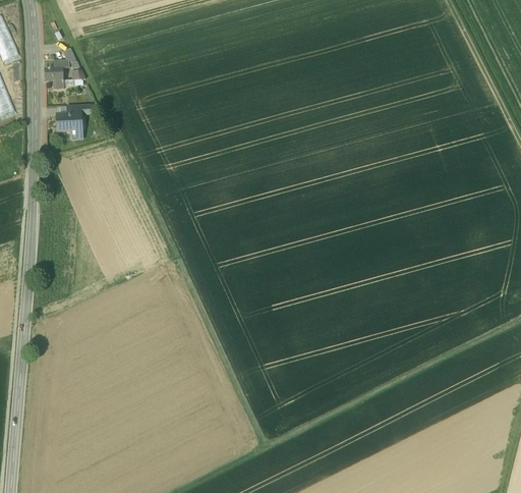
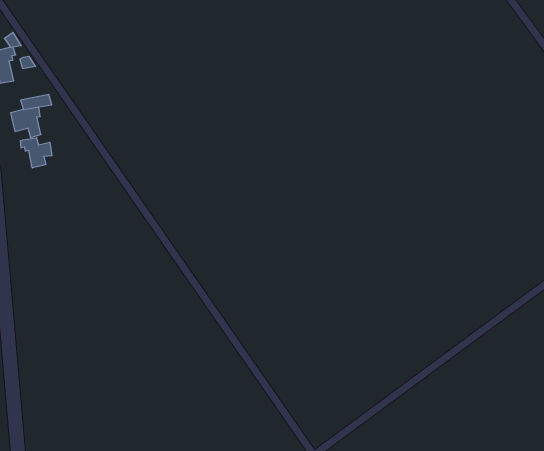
building: none -> [20,138,52,168]

